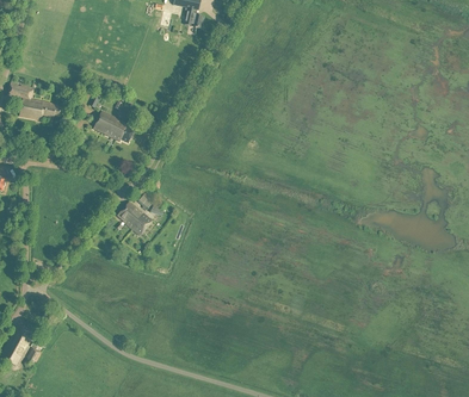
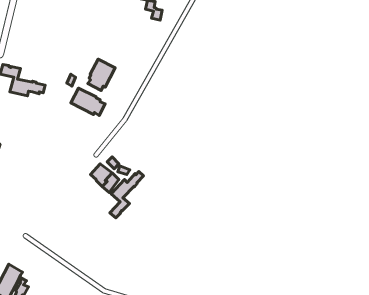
building: none -> [88,59,115,91]
building: none -> [110,172,144,218]

